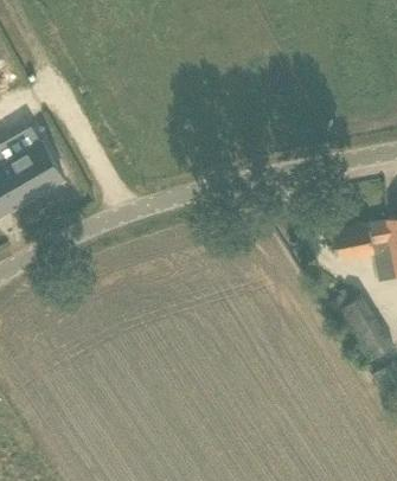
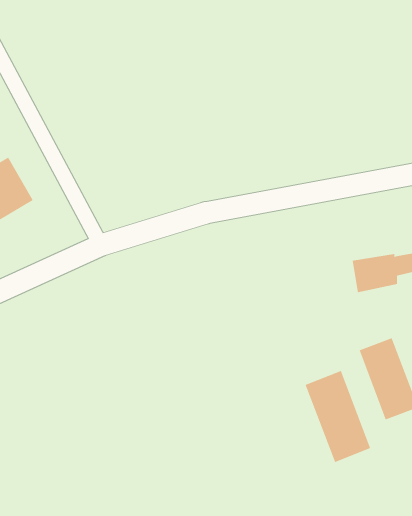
building: none -> [305,370,371,463]

